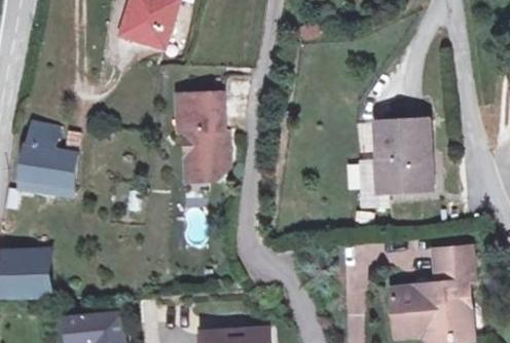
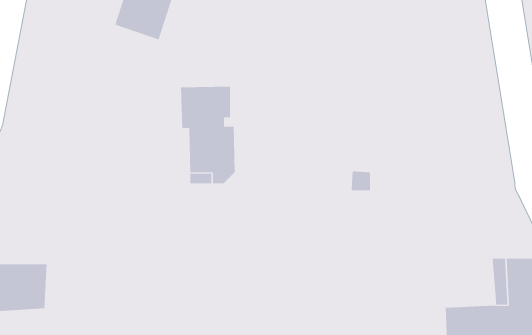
building: [373,114,426,187] -> none
building: [27,136,77,184] -> none

